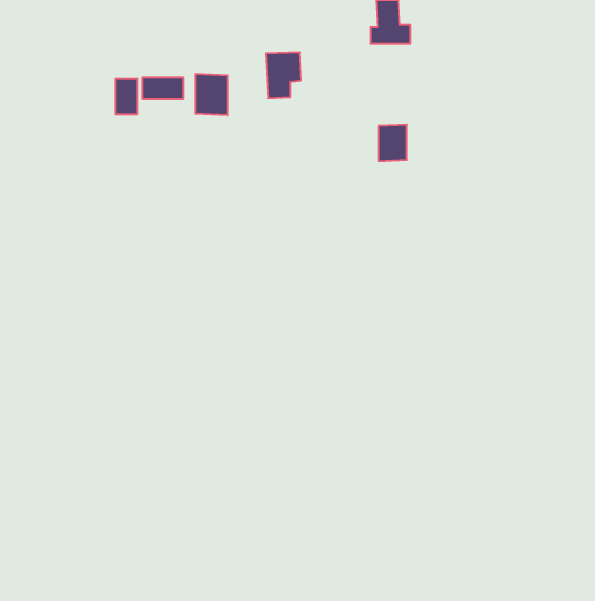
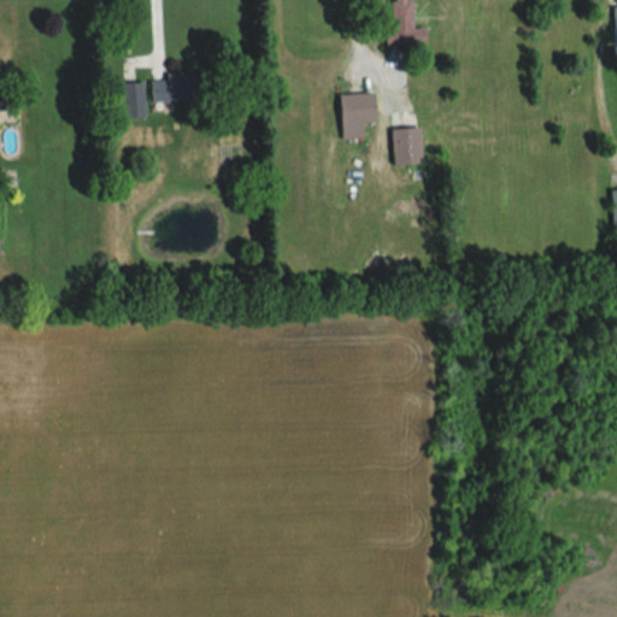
building: [266,52,301,98] -> [341,93,377,140]
building: [196,74,228,115] -> none

